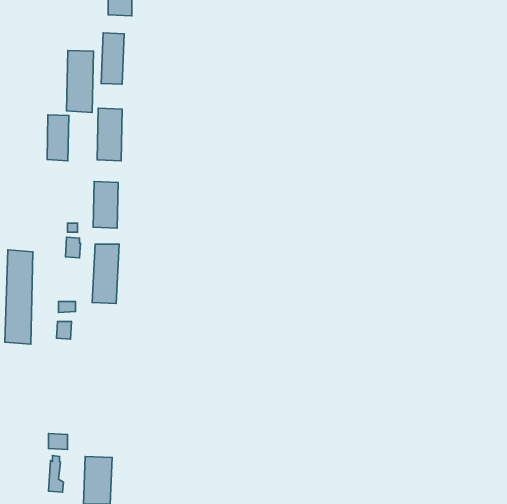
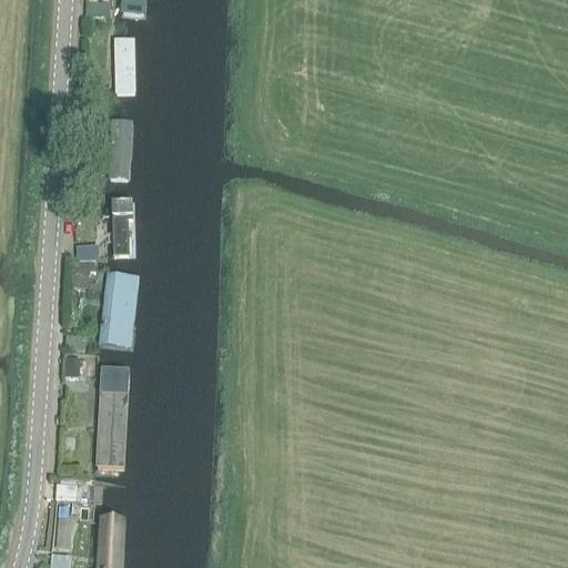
building: [67,51,93,112] -> none
building: [47,115,69,161] -> none
building: [5,250,33,344] -> [97,364,128,469]

